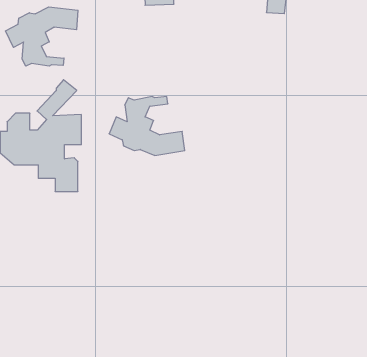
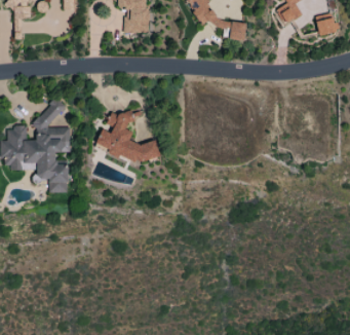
building: [6,7,78,66] -> none

